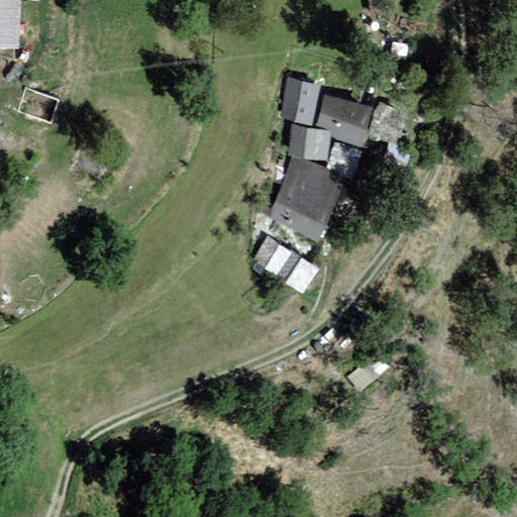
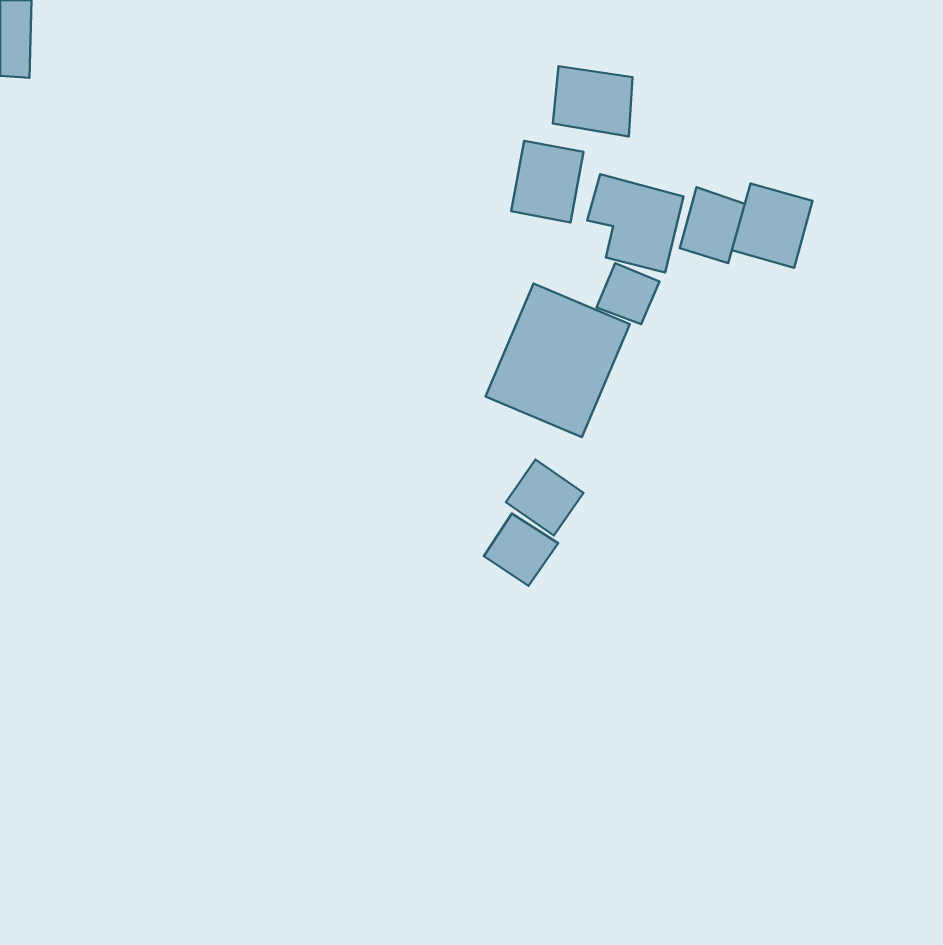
building: none -> [732,183,813,268]
building: [289,122,332,161] -> [553,66,632,136]
building: [253,235,294,275] -> [484,514,558,586]

